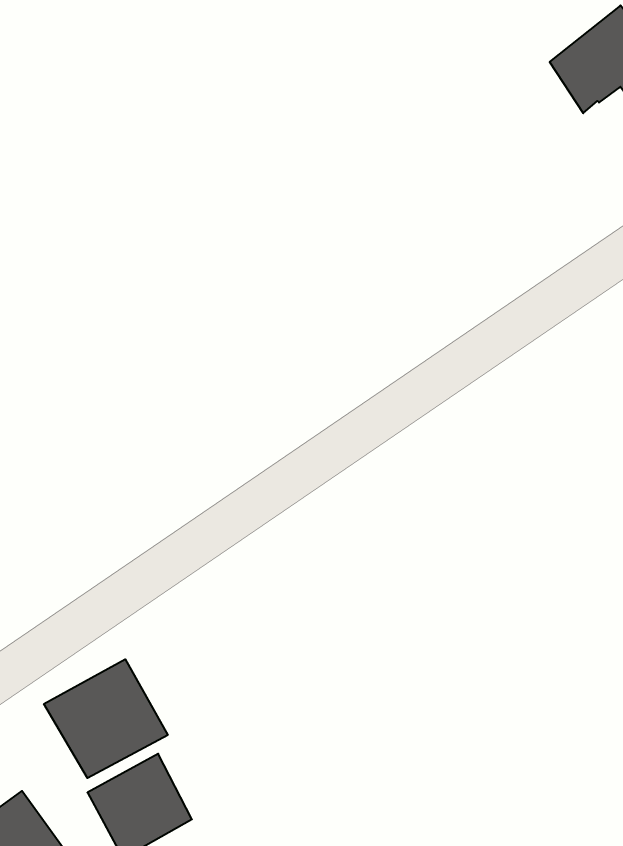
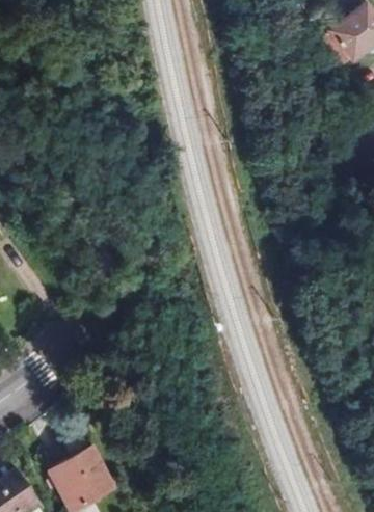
building: [44,659,168,778] -> none

